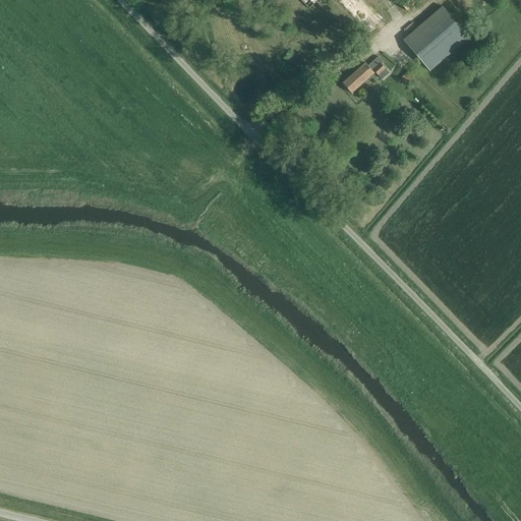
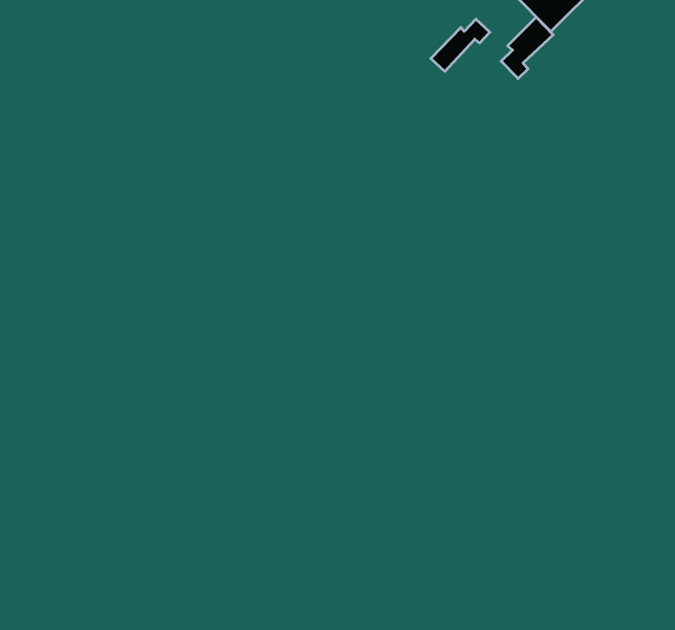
building: none -> [501,17,553,79]

